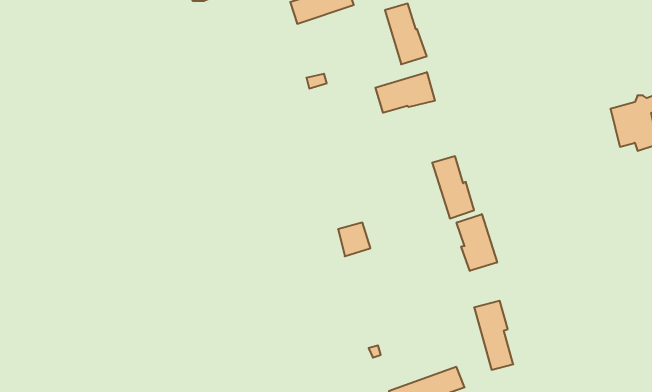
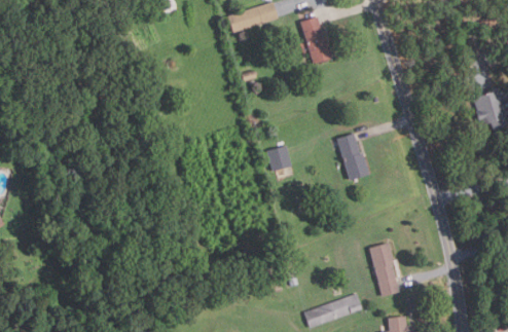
building: [375,72,435,113] -> none
building: [457,214,497,271] -> none
building: [338,223,370,256] -> [267,145,292,171]

